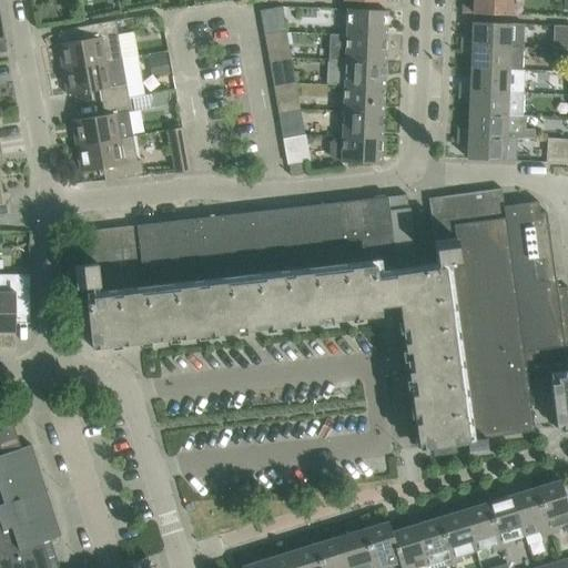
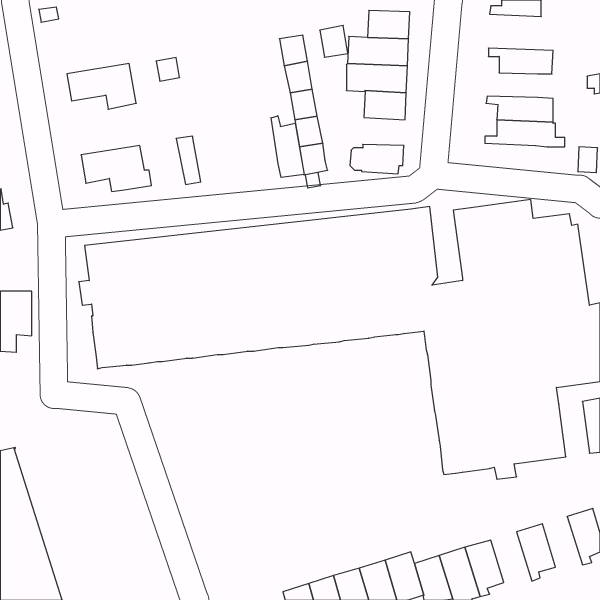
building: [260,7,286,37] -> [320,25,348,57]
building: [59,21,122,70] -> none
building: [462,22,527,48] -> none
building: [460,69,508,92] -> none
building: [72,98,132,146] -> none
building: none -> [271,116,304,177]
building: [343,111,383,138] -> none
building: [458,135,517,162] -> none
building: [513,488,550,537] -> none
building: [464,503,503,551] -> none

